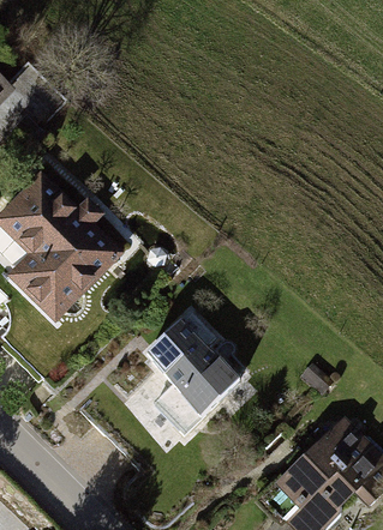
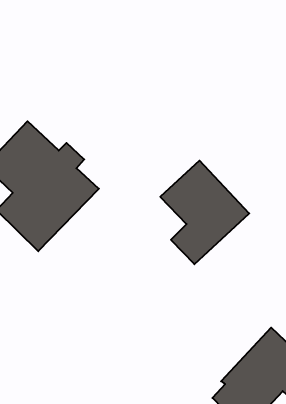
building: [136,309,245,436] -> [160,161,249,264]

